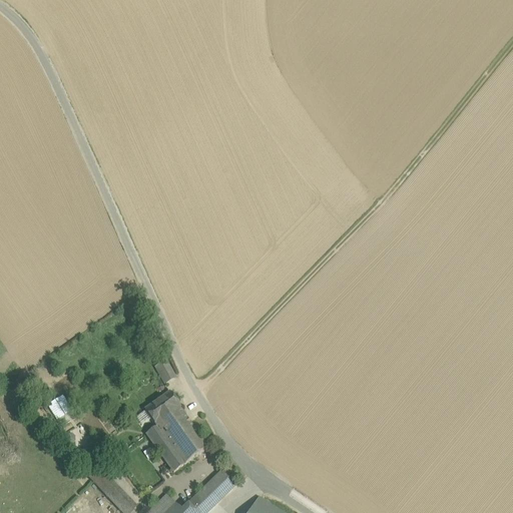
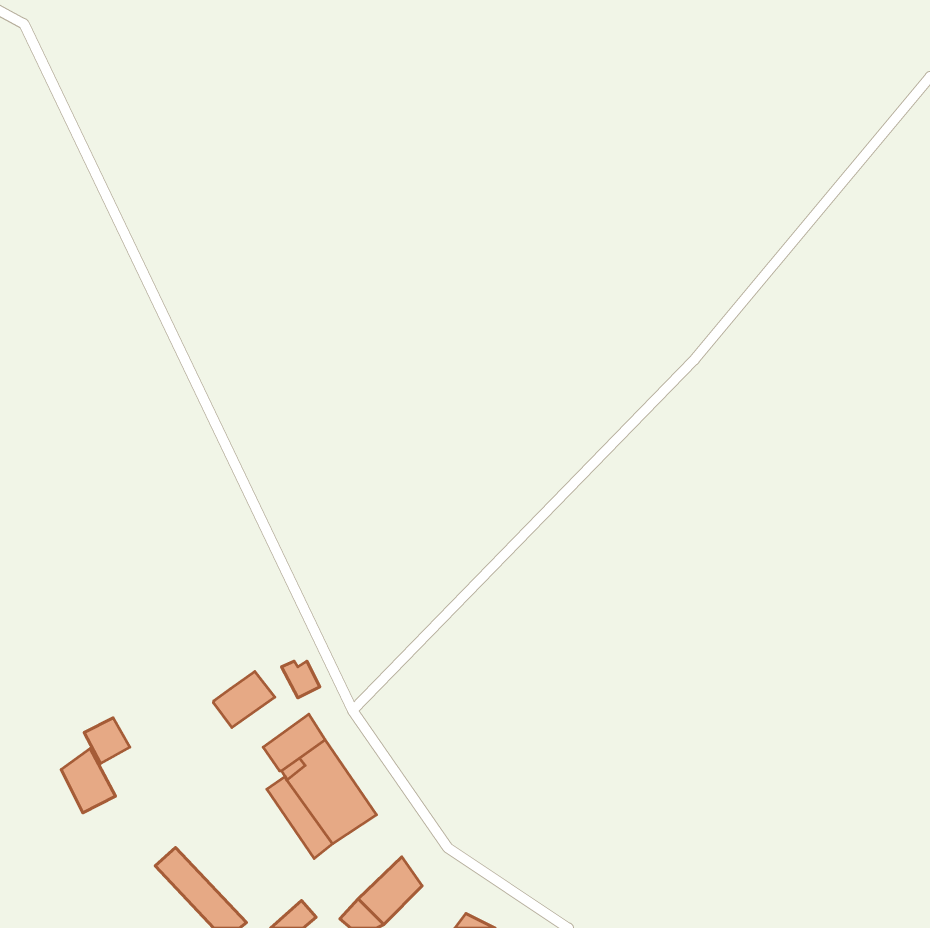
building: none -> [213,671,275,728]
building: none -> [61,749,116,813]

